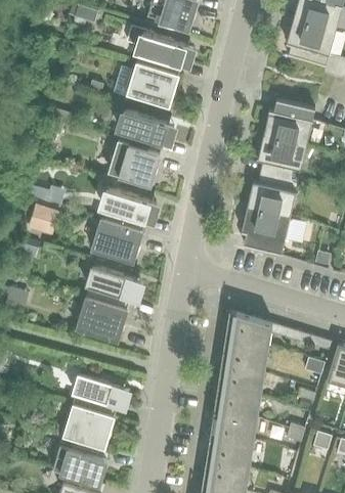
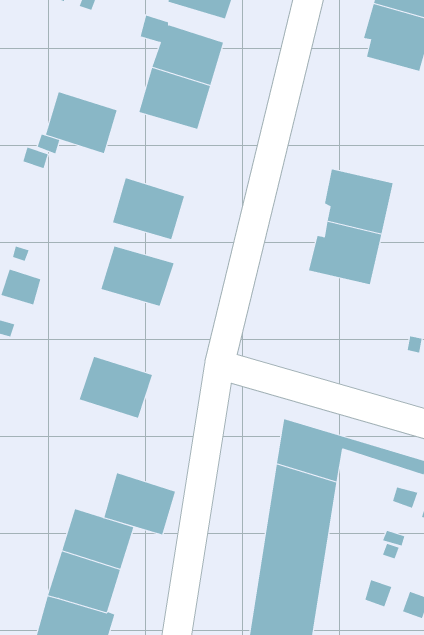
building: [263,99,315,145] -> none
building: [118,110,169,154] -> [45,91,118,154]
building: [242,207,291,254] -> none
building: [91,220,142,263] -> none
building: [76,298,127,342] -> [103,473,176,535]

